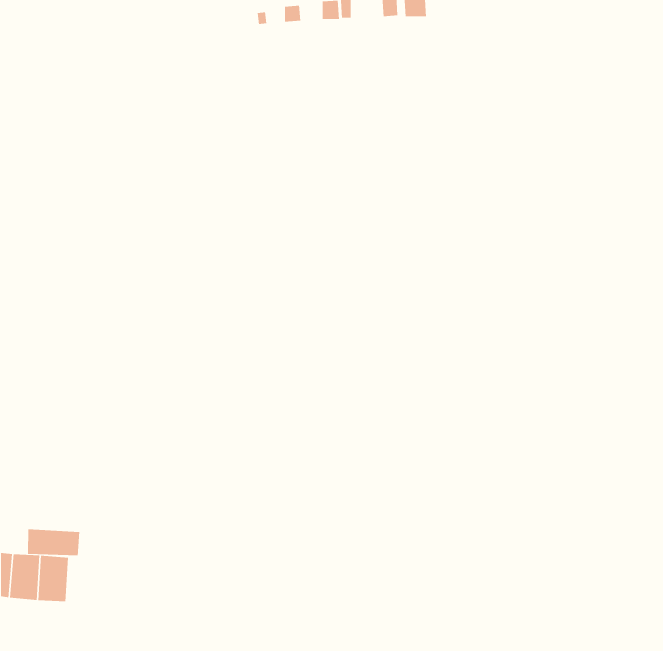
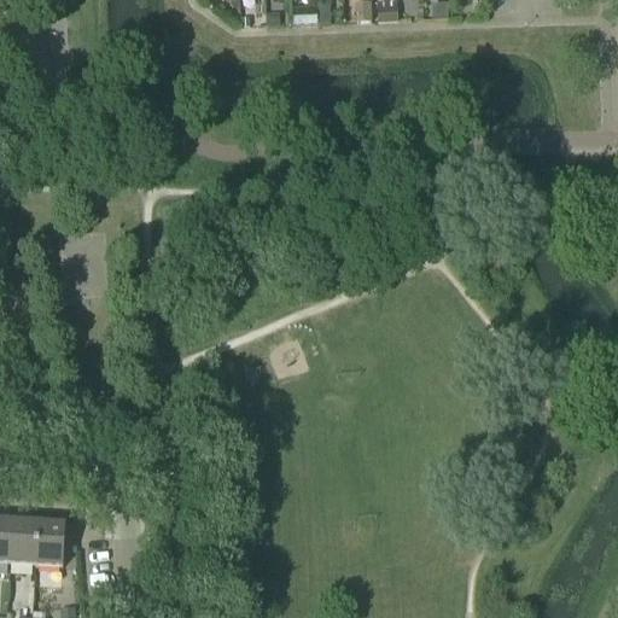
building: [27,529,80,556] -> none

